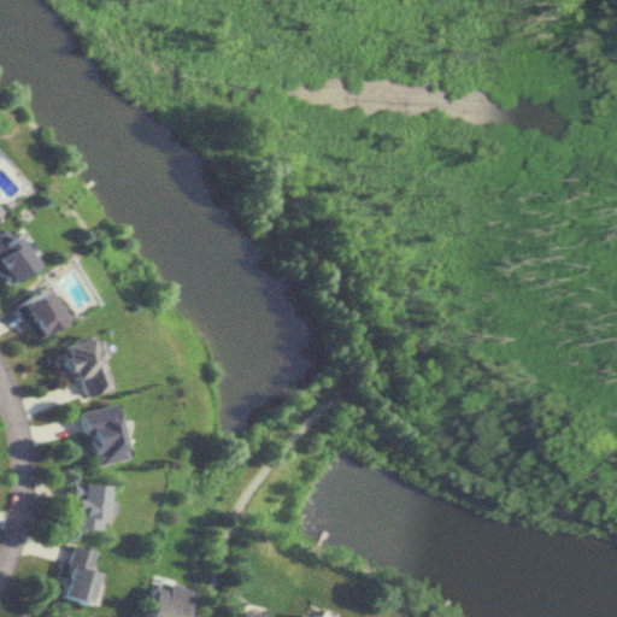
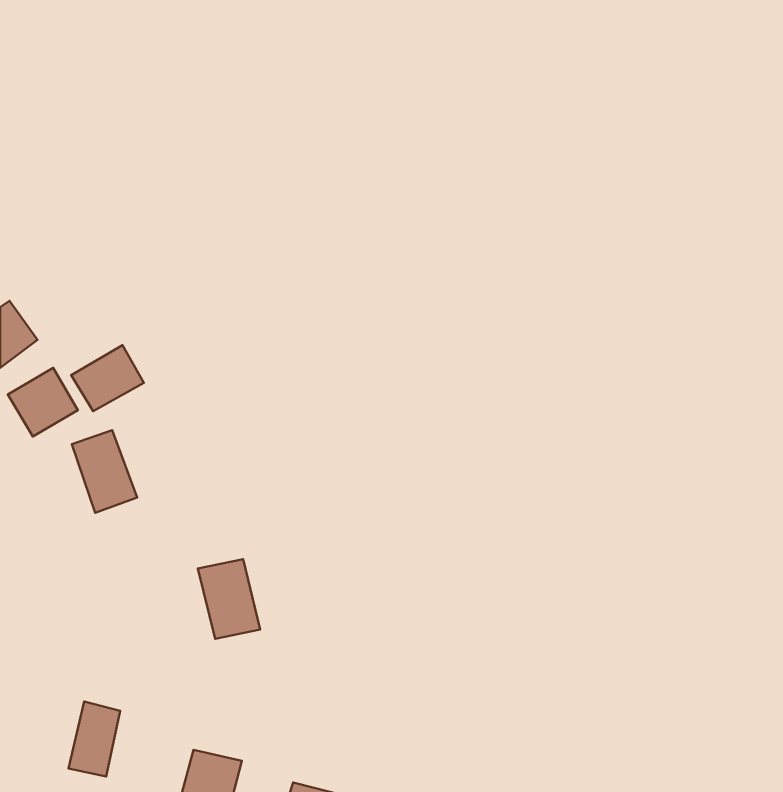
building: none -> [71,345,144,411]
building: [83,406,131,468] -> [198,559,260,639]
building: [76,486,110,529] -> none

